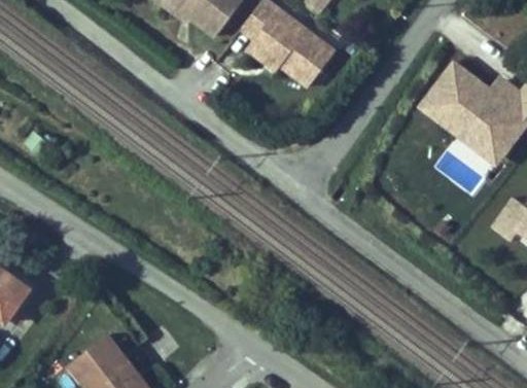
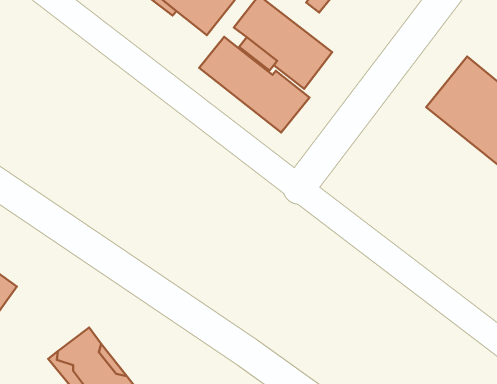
building: none -> [199,37,310,133]

